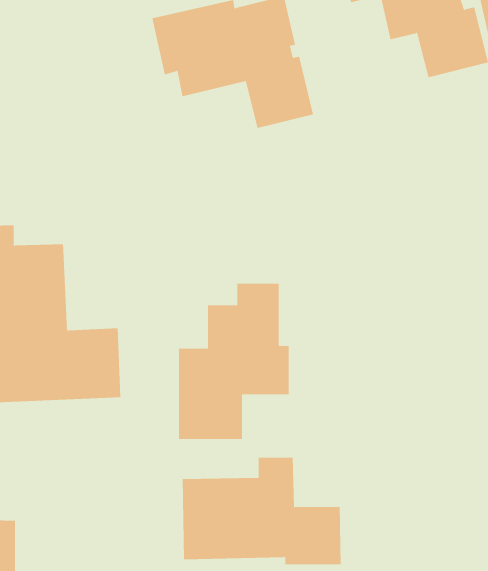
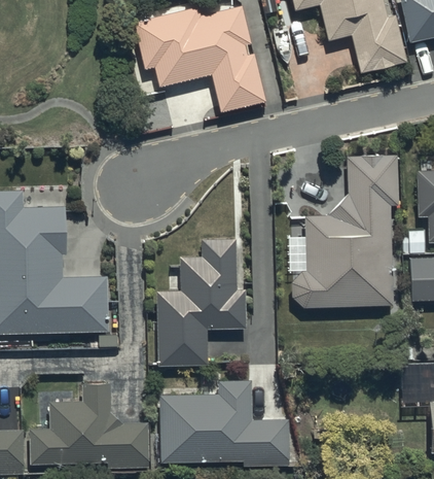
building: none -> [289,156,397,307]
building: none -> [30,385,150,468]

